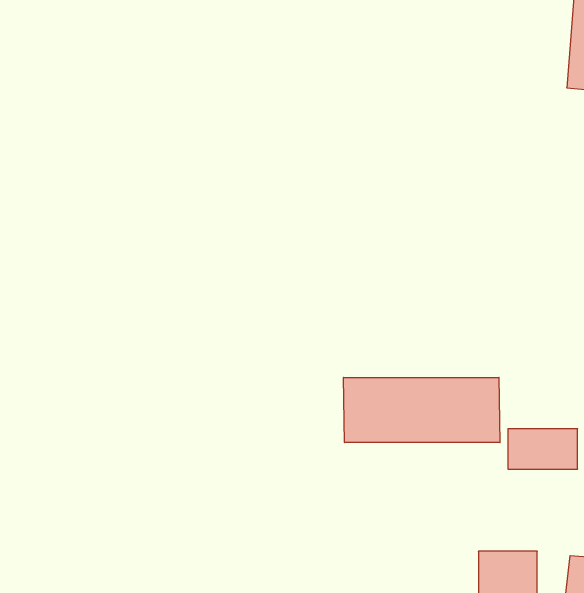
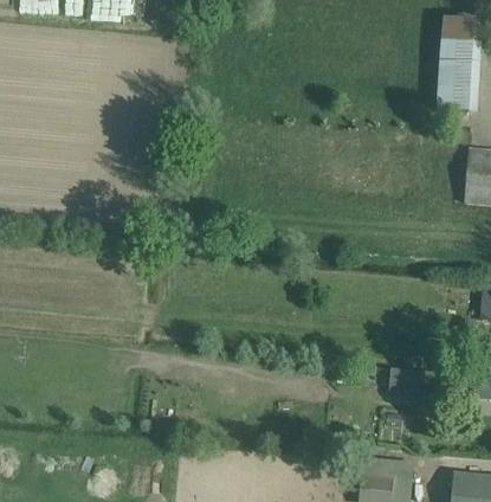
building: [344,377,500,443] -> none

